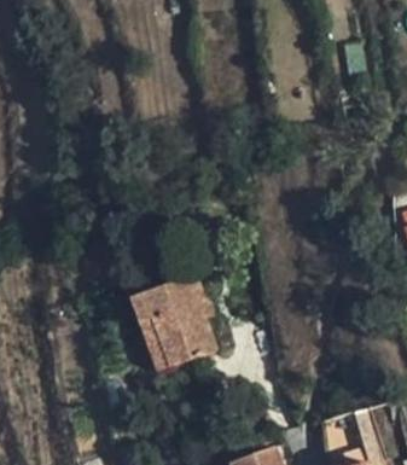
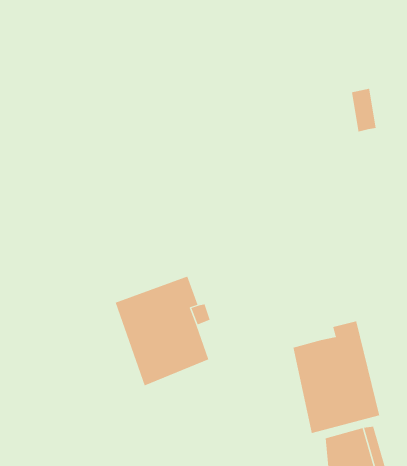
building: none -> [293,320,380,434]

